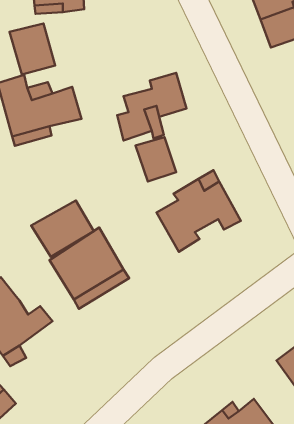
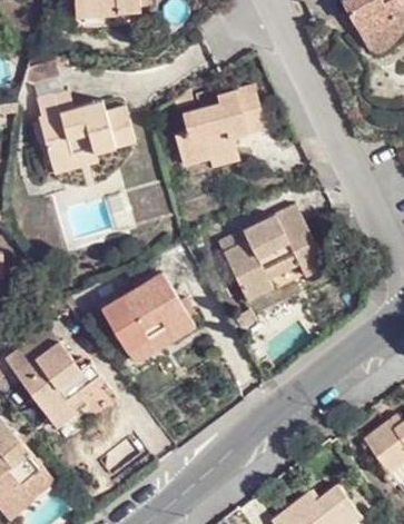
building: [9,24,55,75] -> none
building: [136,137,176,181] -> none
building: [31,201,94,257] -> none

